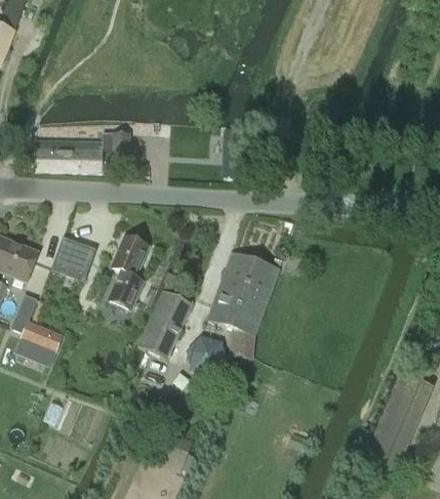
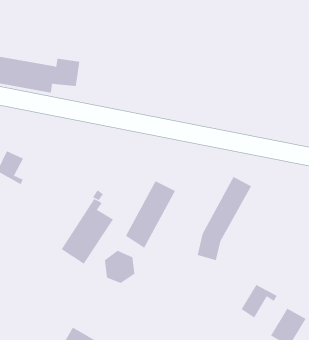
building: [108,234,149,307] -> none
building: [230,259,280,357] -> [197,176,252,261]
building: none -> [241,284,278,318]

